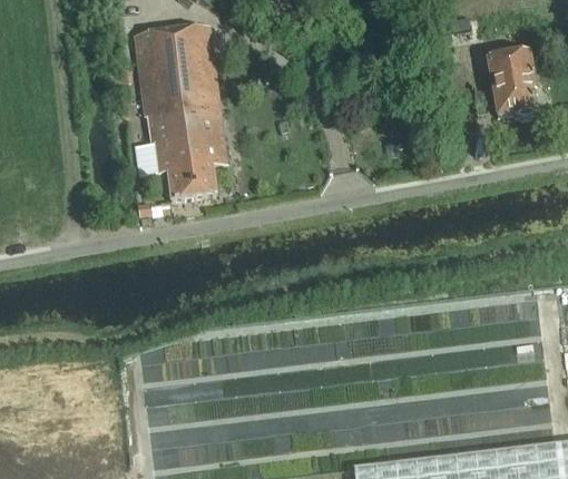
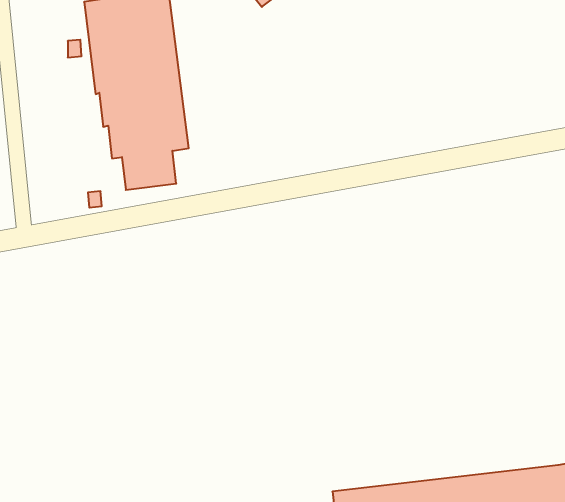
building: [487,50,536,118] -> none

